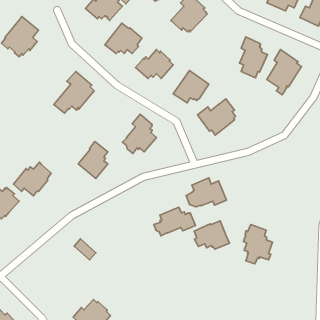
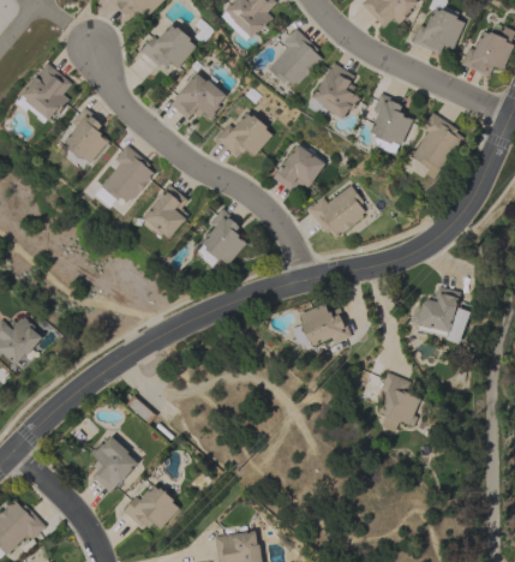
building: none -> [307,62,359,119]
building: none -> [64,107,109,163]
building: [78,141,108,178] -> [143,184,187,239]
building: [14,162,51,196] -> none
building: none -> [409,287,460,340]
building: [154,207,196,236] -> none
building: [194,221,229,249] -> none
building: none -> [89,436,137,492]

